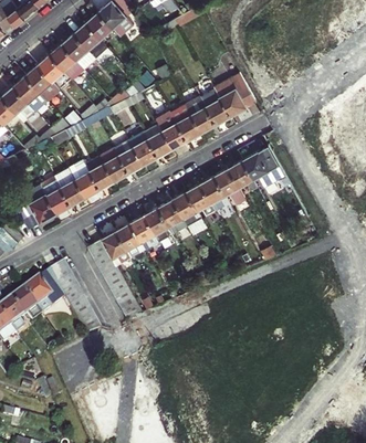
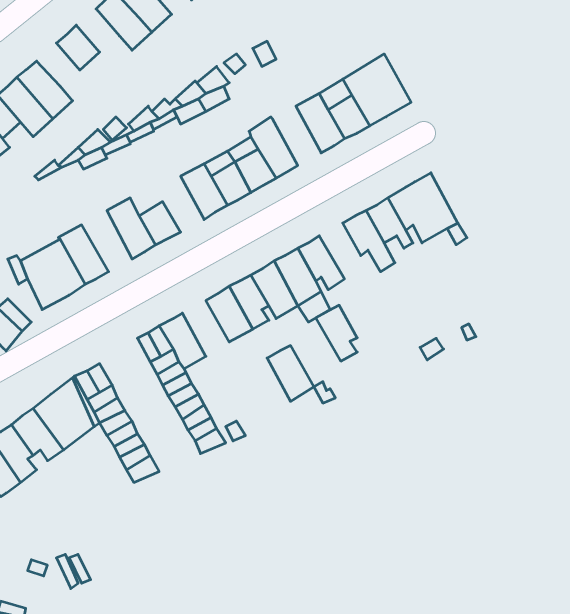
building: [50,44,84,80] -> none
building: [25,65,60,101] -> none
building: [170,104,200,140] -> none
building: [100,147,128,181] -> none
building: [53,168,84,205] -> none
building: [199,176,224,210] -> [316,305,357,361]
building: [115,223,144,257] -> [267,346,314,401]

